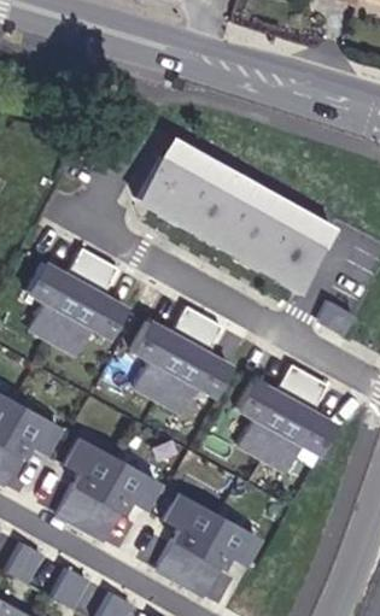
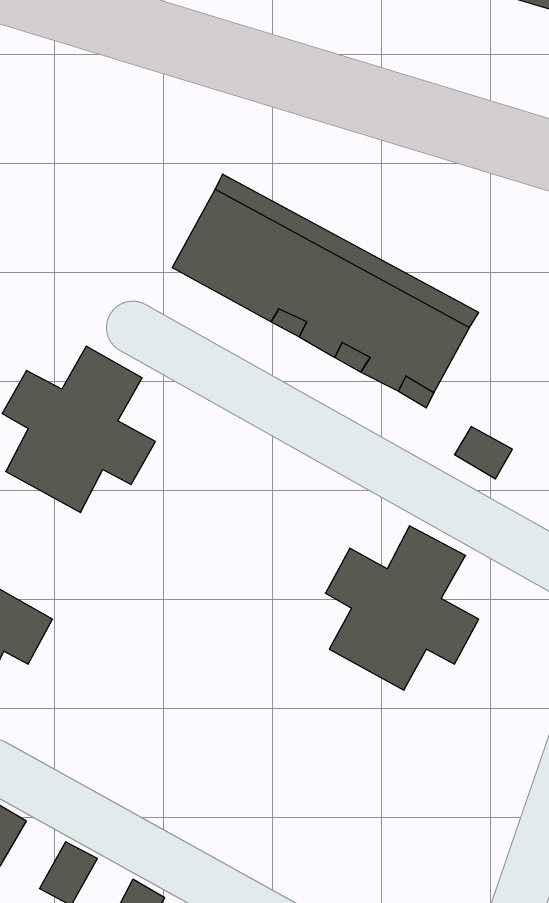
building: [129,306,228,412] -> none
building: [55,436,158,541] -> none
building: [154,491,257,596] -> none

